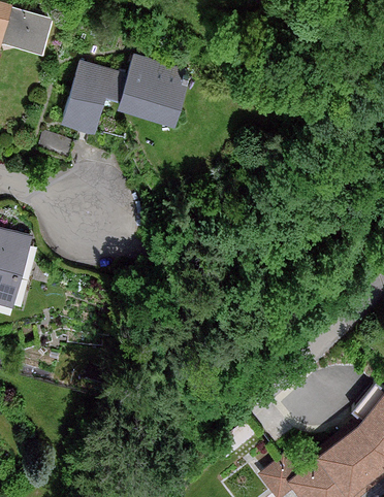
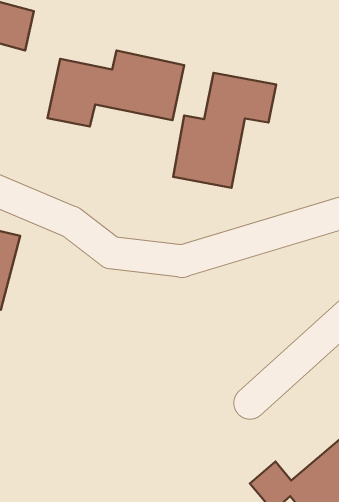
building: none -> [173,73,276,188]

